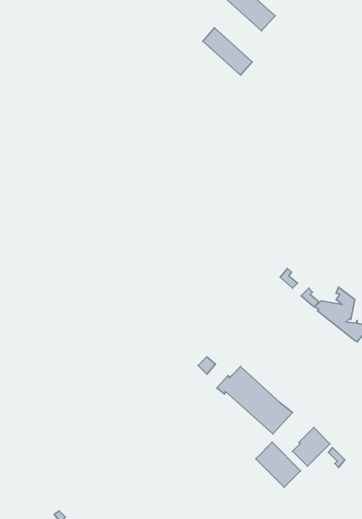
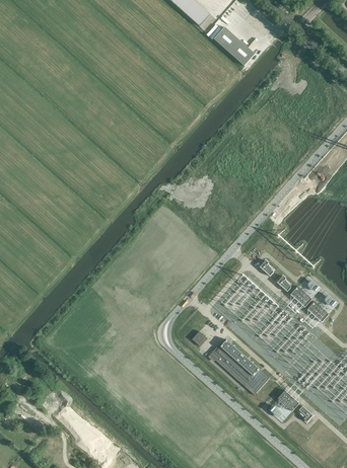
building: [203,28,252,75] -> none
building: [256,442,300,487] -> none

